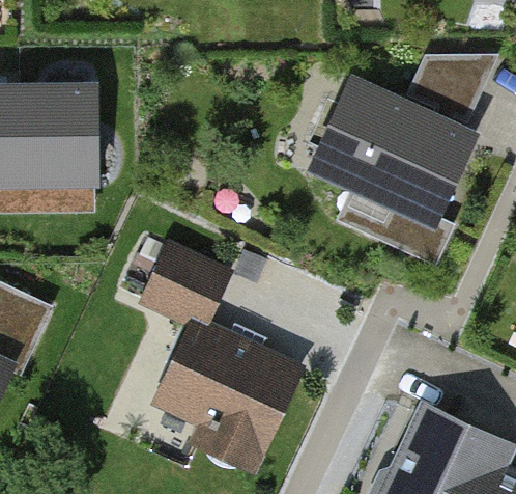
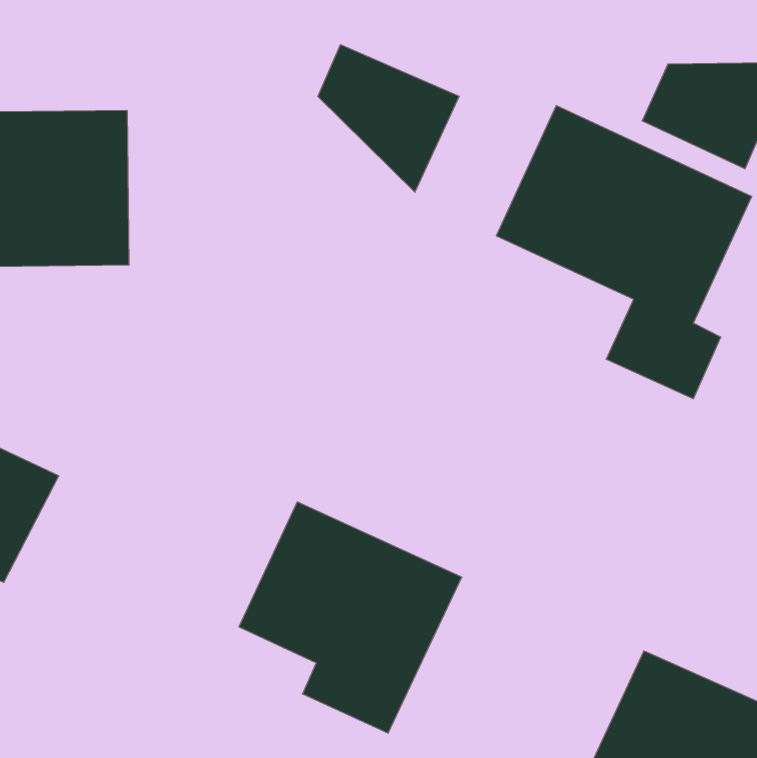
building: none -> [318,45,459,192]
building: [146,247,227,326] -> none

